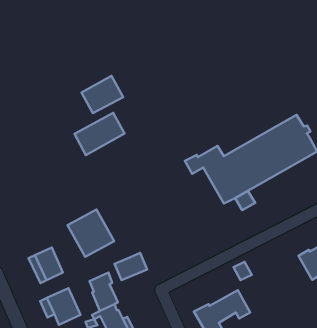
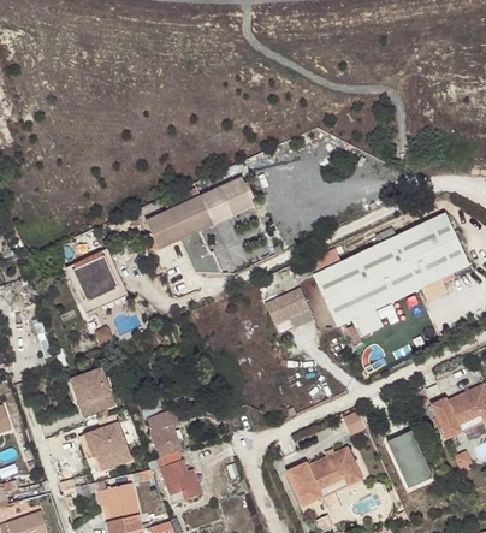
building: [82,76,123,113] -> [198,174,254,223]
building: none -> [266,289,312,326]
building: [67,209,114,257] -> [66,249,128,312]
building: [115,253,147,280] -> none
building: none -> [387,431,435,490]

